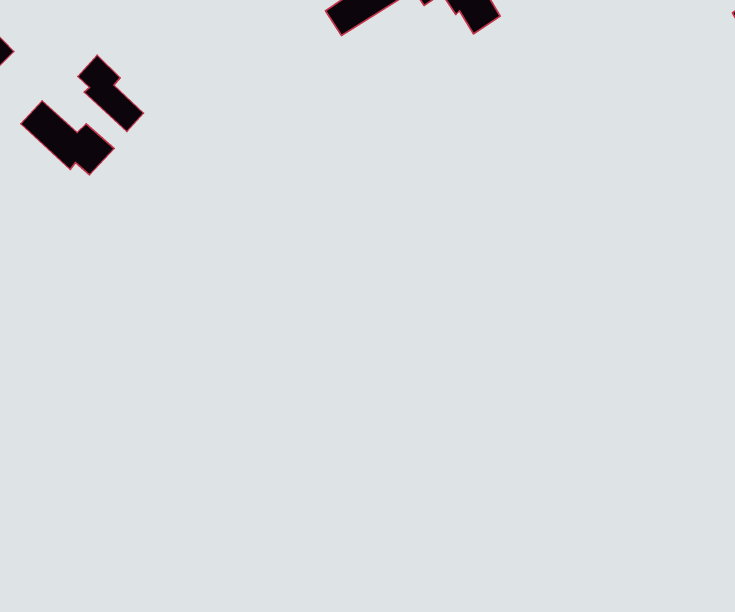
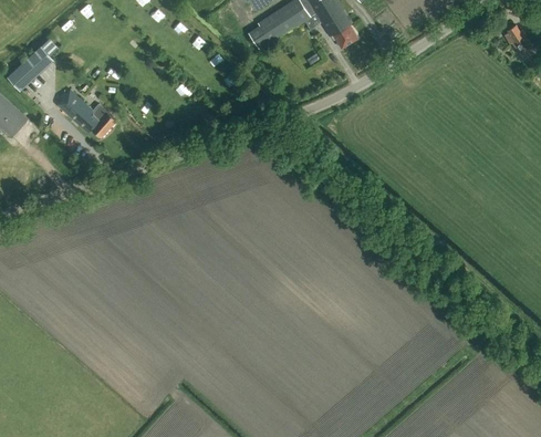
building: [78,55,143,131] -> none

